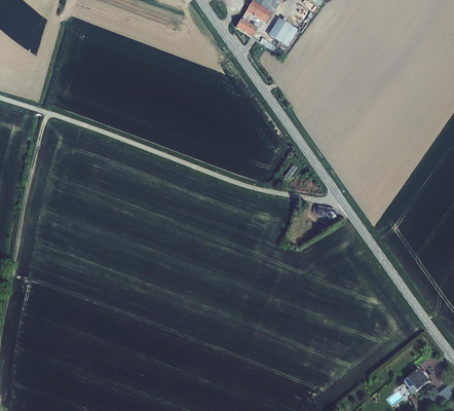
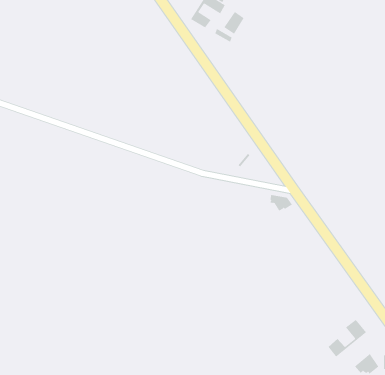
building: none -> [328,319,367,357]

